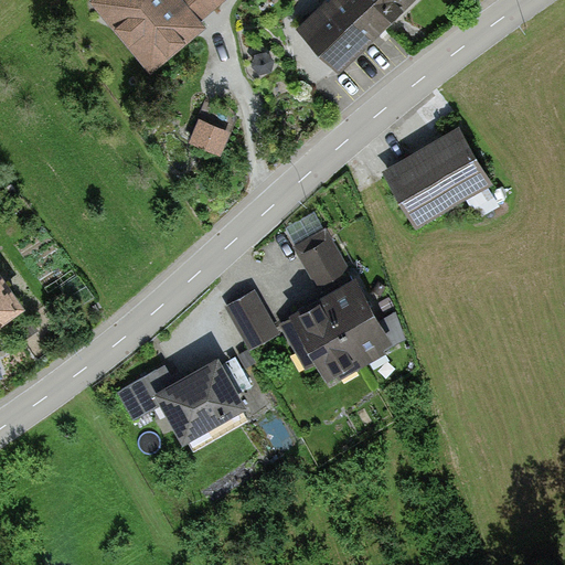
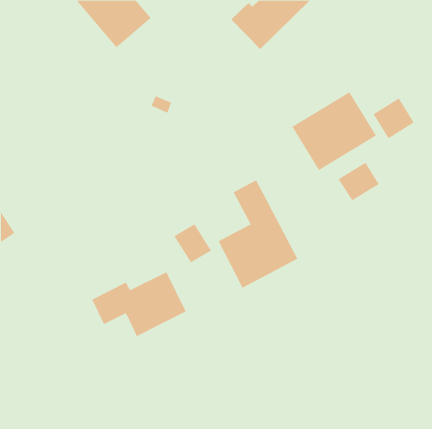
building: none -> [373,98,414,139]
building: none -> [338,162,380,201]

